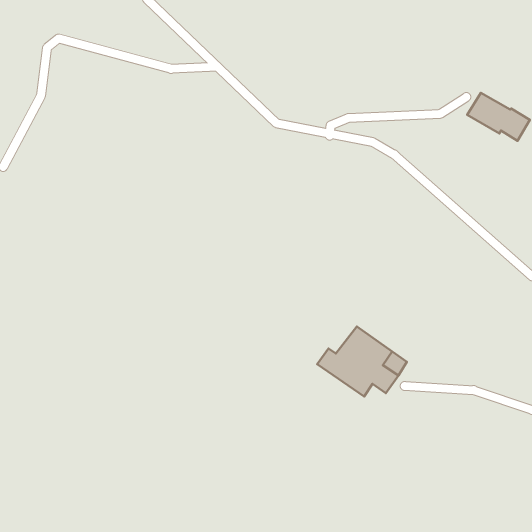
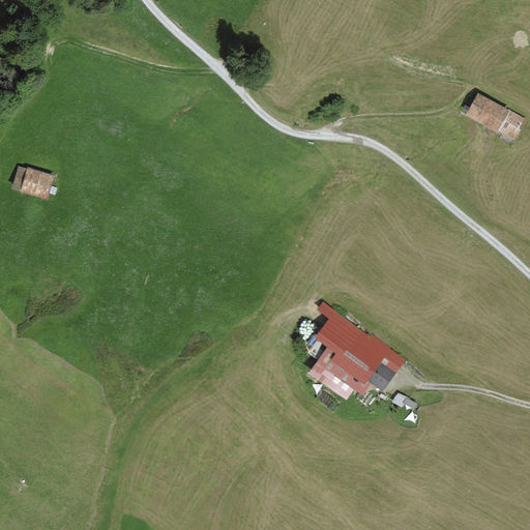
building: none -> [9,165,54,201]
building: none -> [314,310,354,351]

